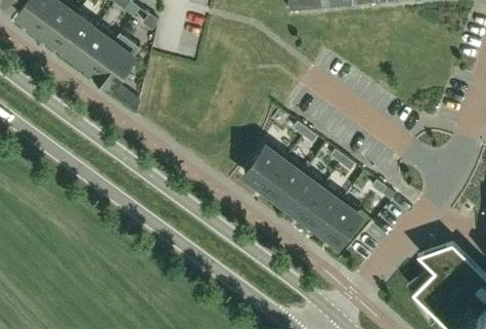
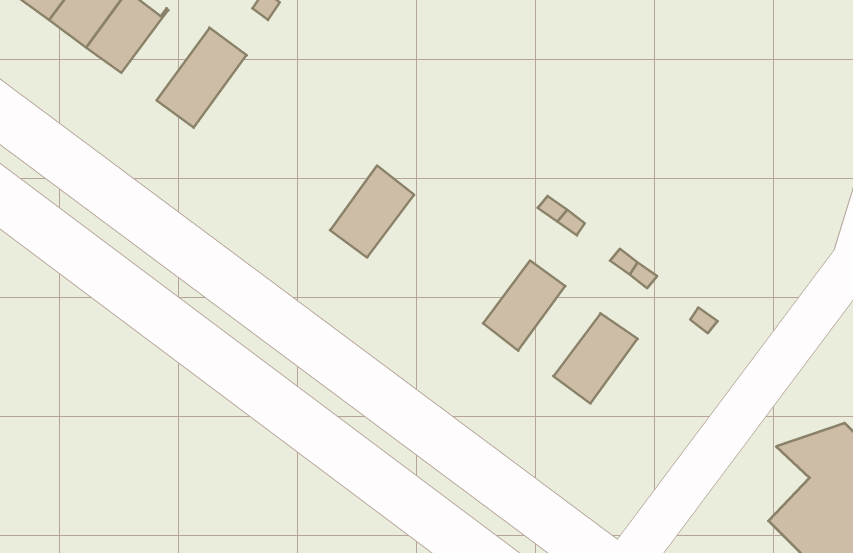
building: [74,29,120,76] -> none
building: [244,145,288,193] -> [330,166,414,257]
building: [281,173,324,220] -> none
building: [319,201,363,249] -> none

